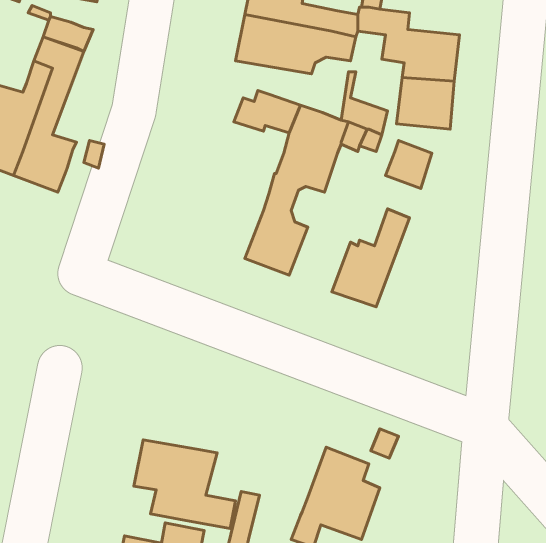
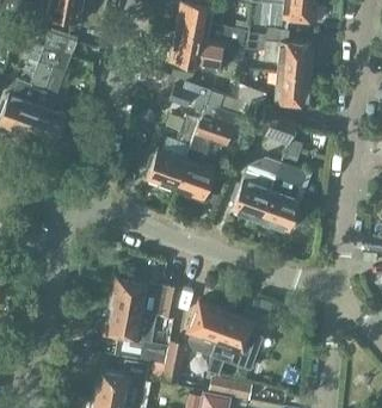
building: none -> [146,116,199,190]
building: none -> [259,163,304,231]
building: none -> [109,277,179,319]
building: none -> [186,301,227,356]

